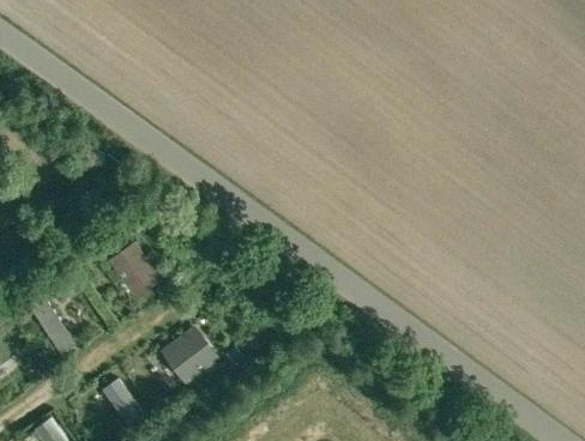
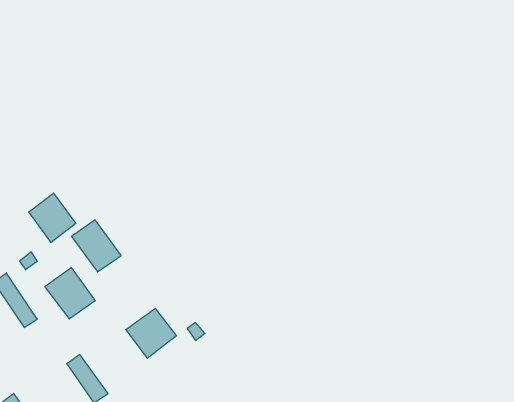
building: none -> [29,193,76,242]
building: none -> [45,267,95,319]

